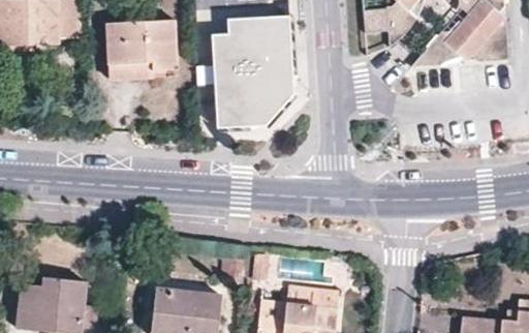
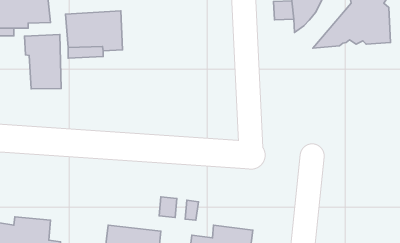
building: [211,14,293,127] -> none
building: none -> [25,35,61,89]

